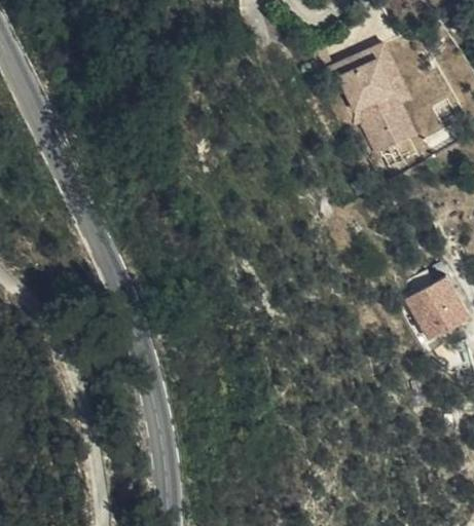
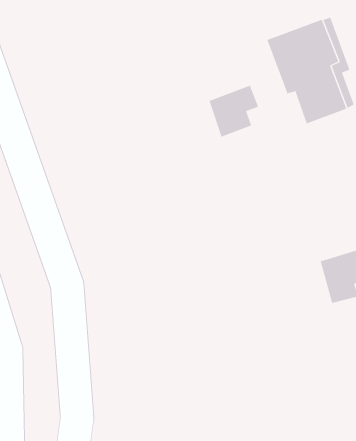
building: none -> [209,85,259,137]

